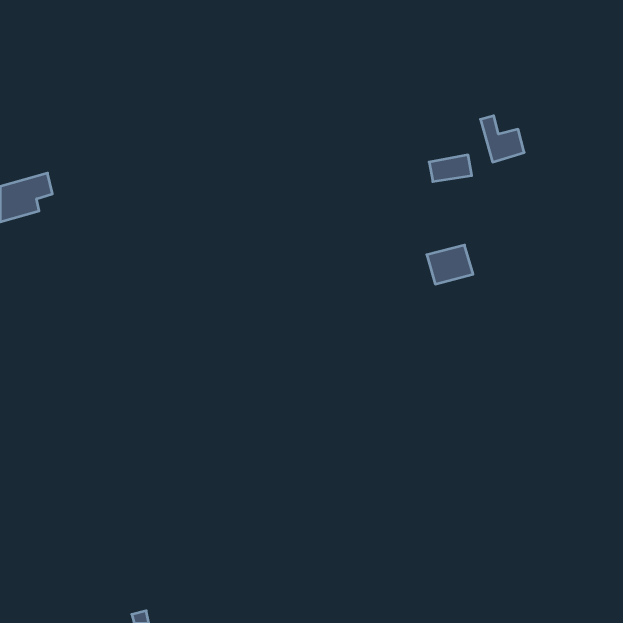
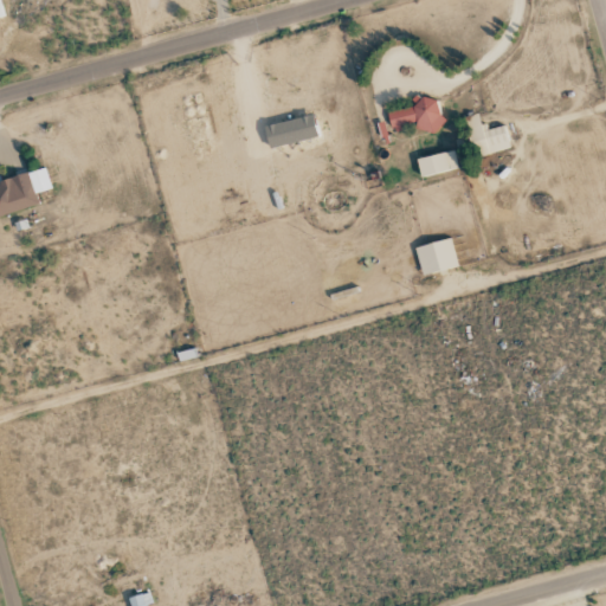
building: none -> [387,98,444,134]
building: none -> [264,114,318,148]

